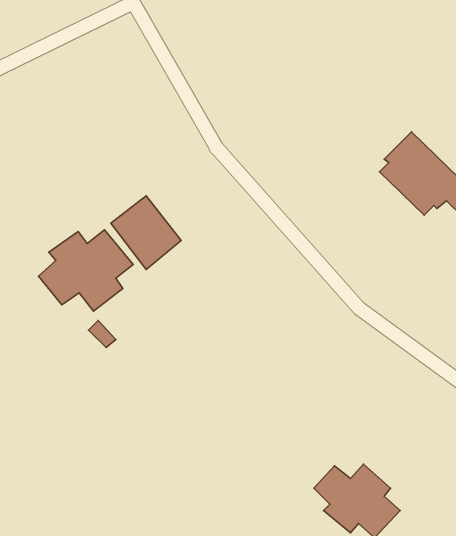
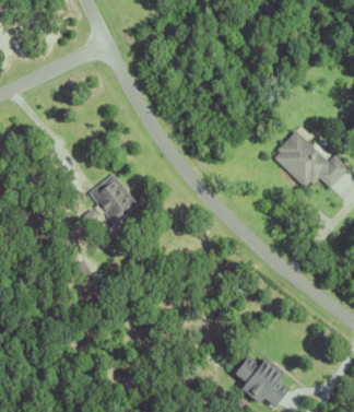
building: [39,230,133,311] -> none

